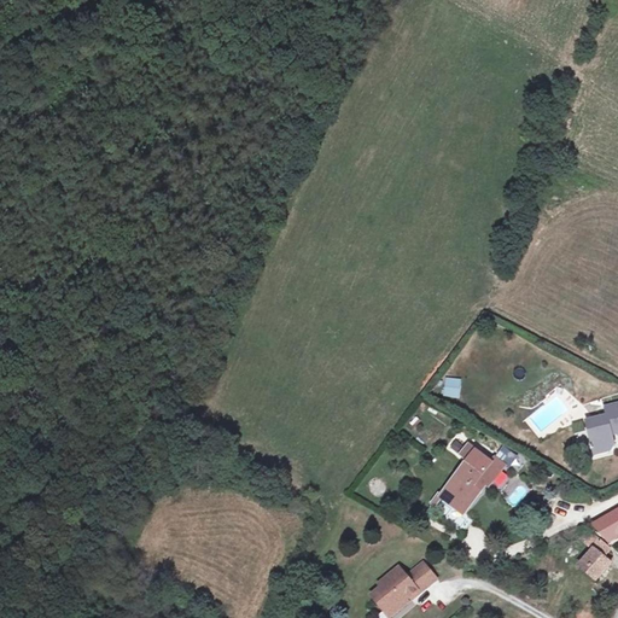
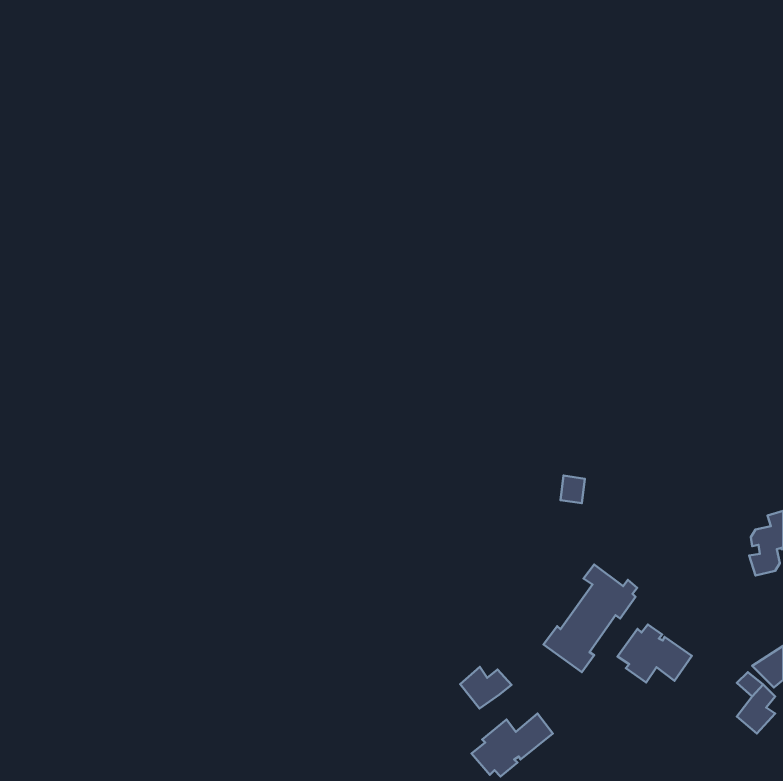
building: none -> [617,624,692,683]
building: none -> [460,667,512,708]

